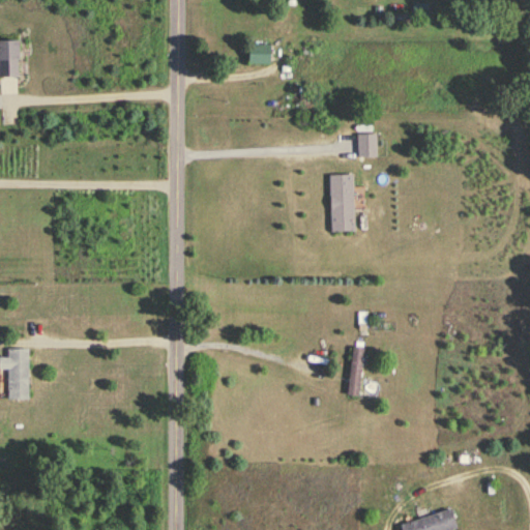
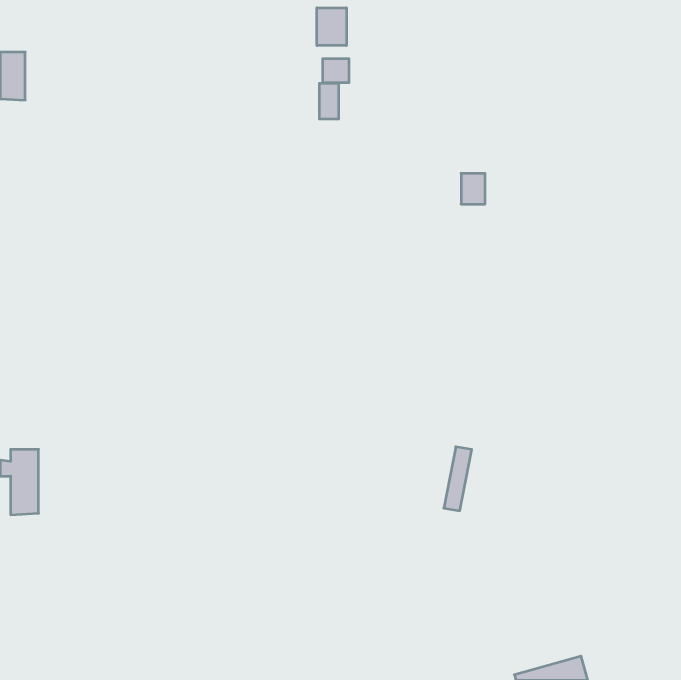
building: none -> [317,8,346,46]
building: none -> [319,83,339,119]
building: [330,176,354,232] -> none

